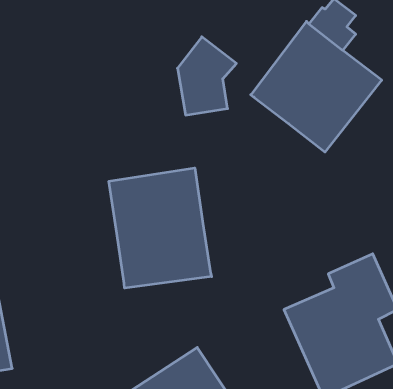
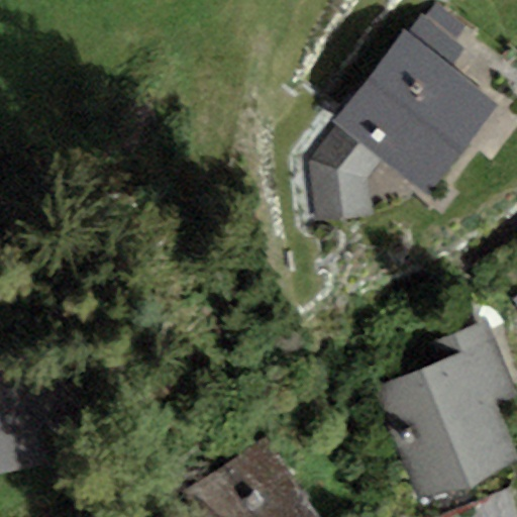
building: [177,37,236,115] -> [307,126,381,224]
building: [109,168,212,288] -> none

